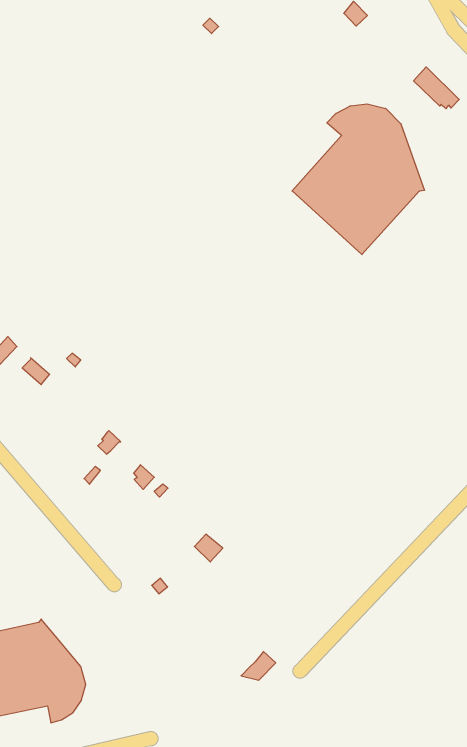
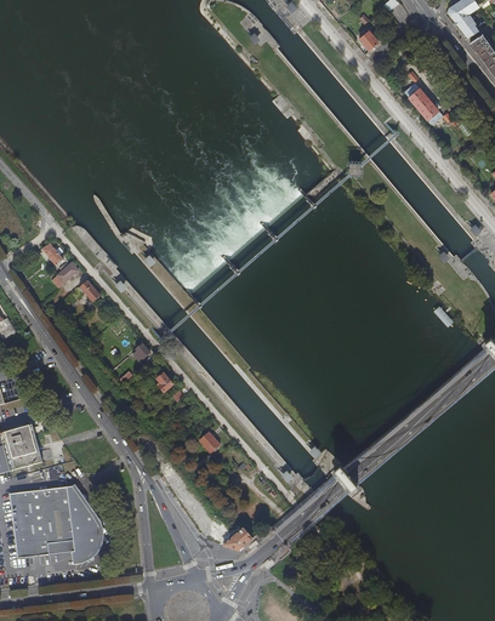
building: [292,104,424,255] -> none

